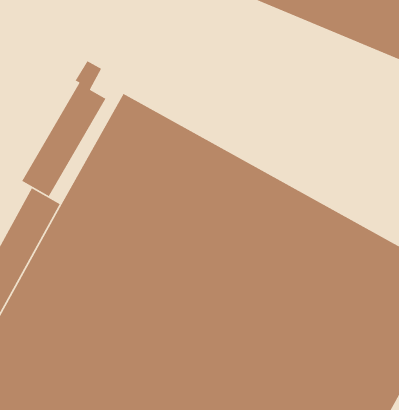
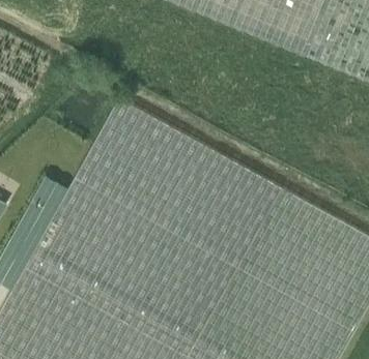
building: [21,60,106,197] -> none

